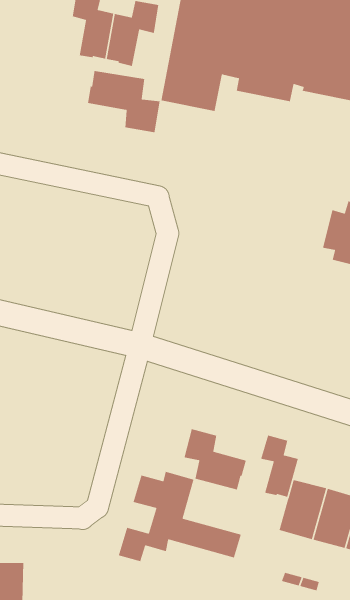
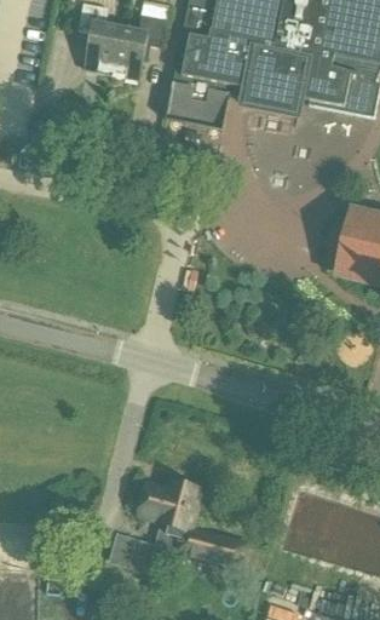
building: [87,70,160,133] -> none
building: [184,428,247,491] -> none
building: [260,434,299,498] -> none

